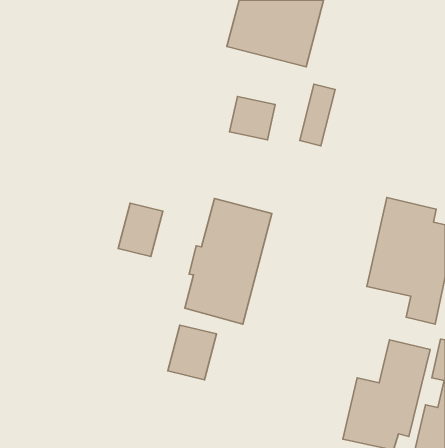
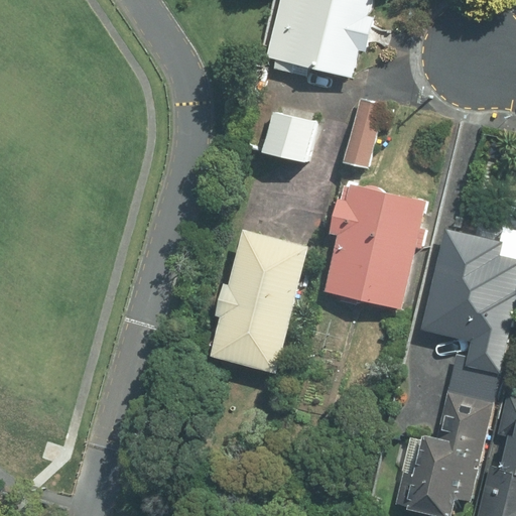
building: none -> [327,183,426,308]
building: [118,203,163,256] -> none
building: [168,325,216,380] -> none

